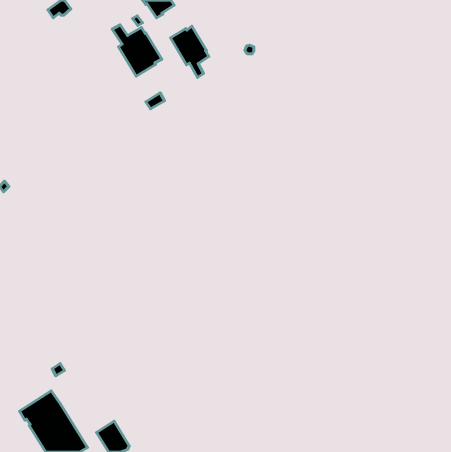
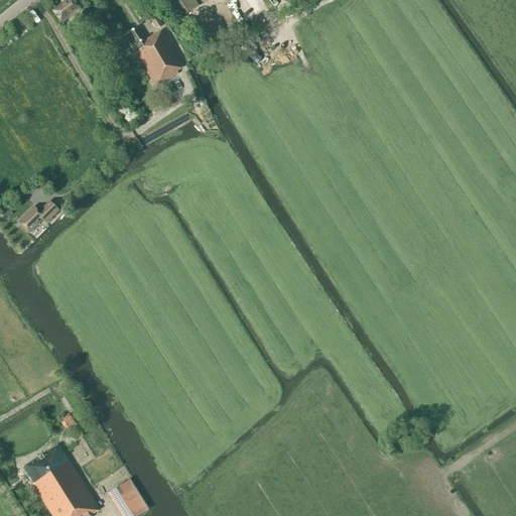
building: [170,26,209,78] -> none
building: none -> [20,202,59,233]

